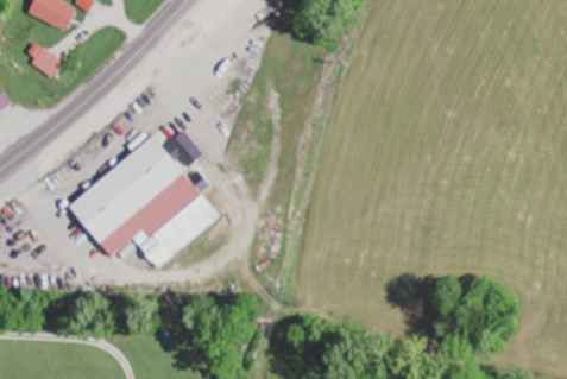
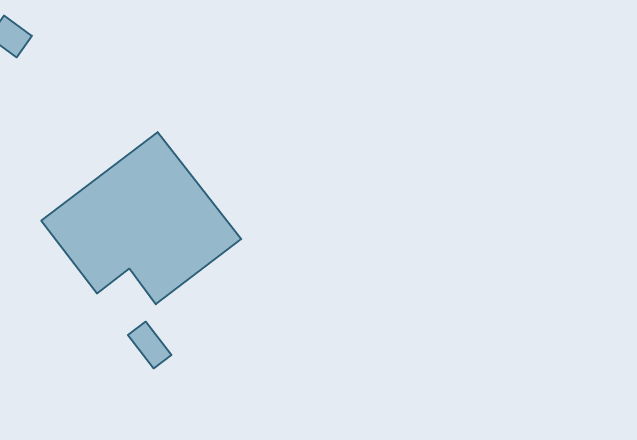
building: none -> [128,322,171,368]

